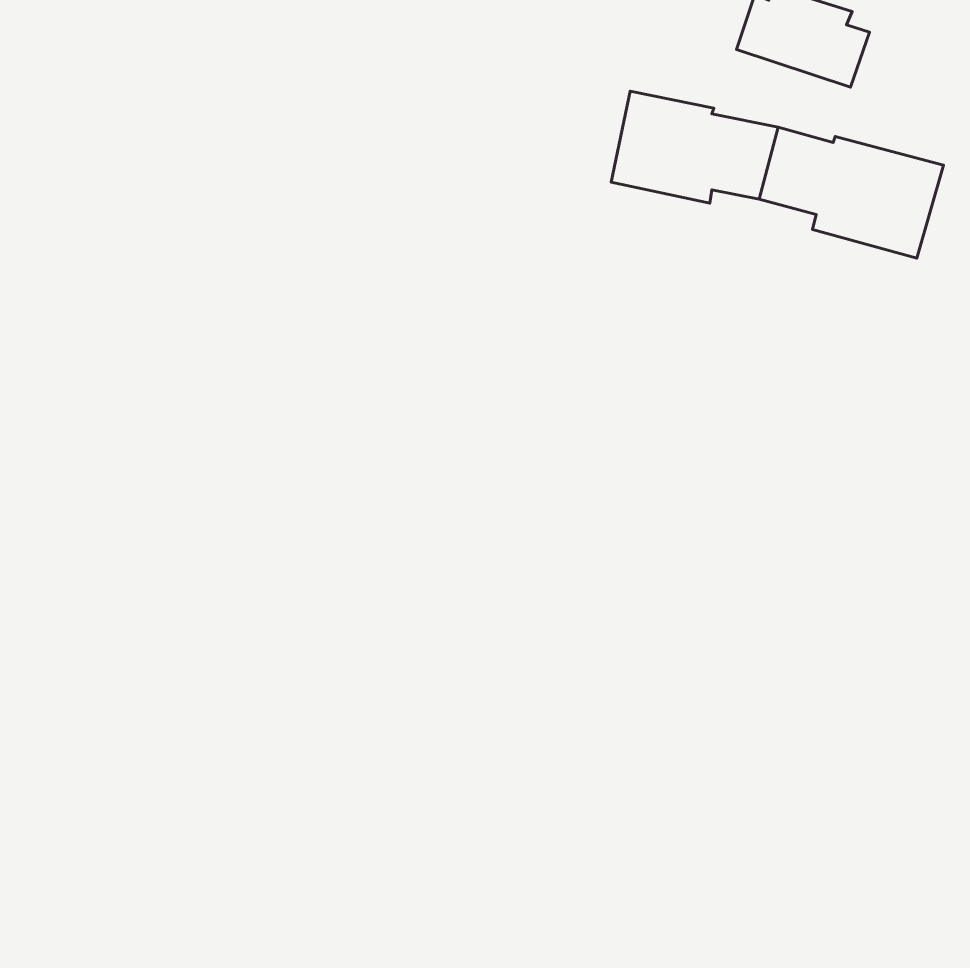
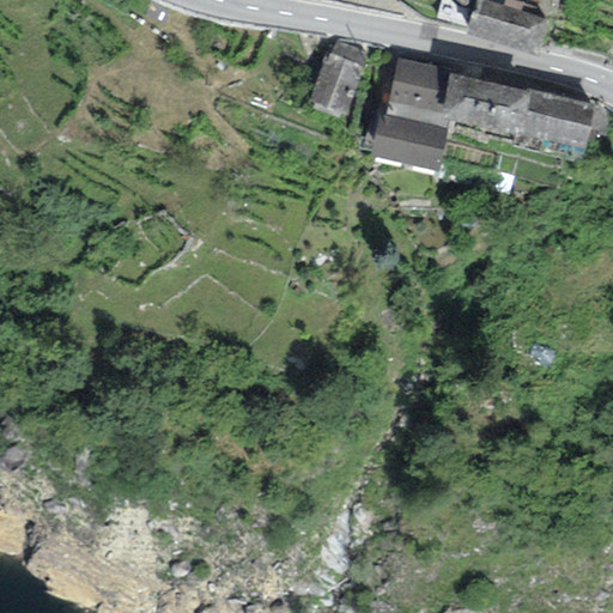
building: none -> [306,40,370,115]
building: none -> [370,113,448,169]

